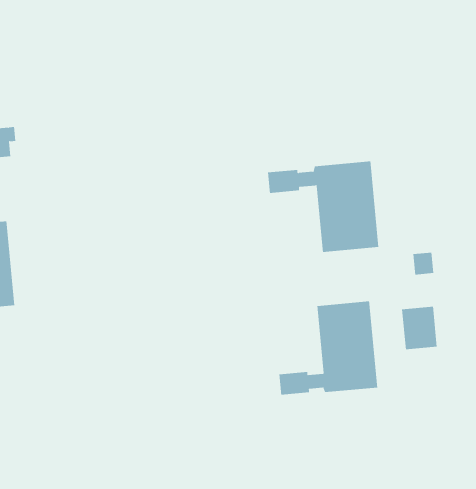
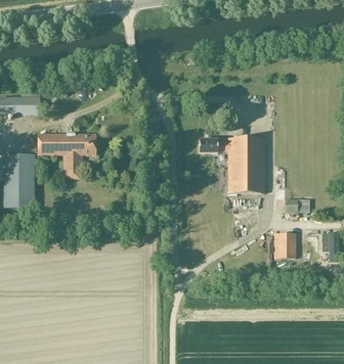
building: none -> [37,133,95,177]
building: [279,301,378,395] -> none

